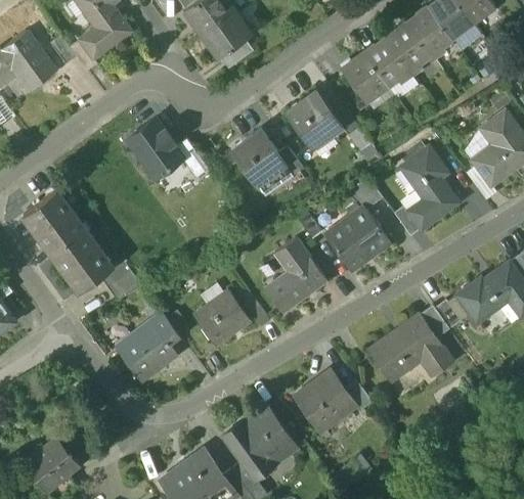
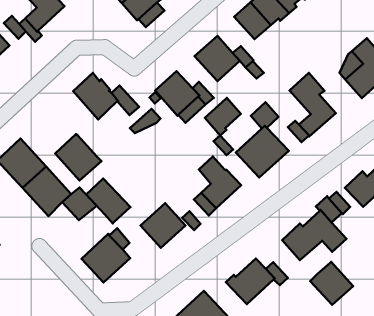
building: none -> [205,98,241,135]
building: none -> [130,109,161,133]
building: none -> [55,134,101,181]
building: none -> [86,178,131,223]
building: none -> [310,262,353,305]

